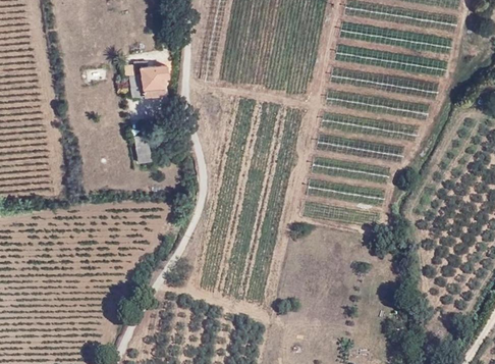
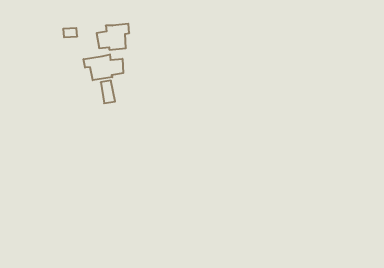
building: none -> [84,54,123,80]

